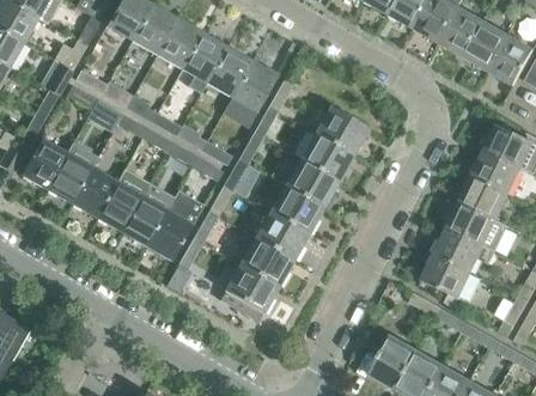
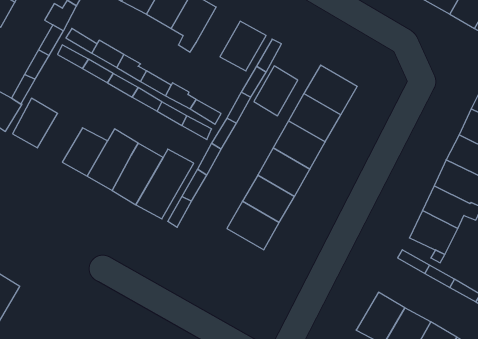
building: [207,47,251,97] -> [254,66,298,116]
building: [47,144,98,203] -> none
building: [221,270,275,321] -> none

